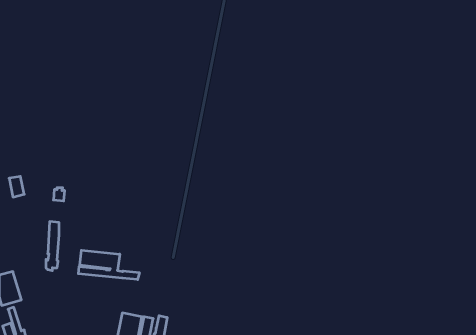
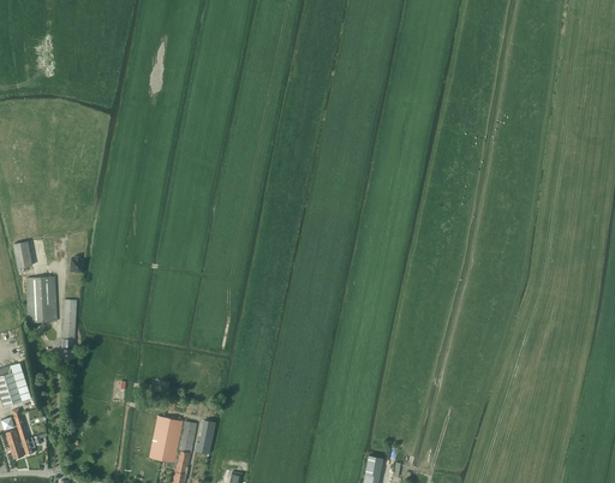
building: none -> [26,278,56,323]
building: [78,250,139,280] -> none

